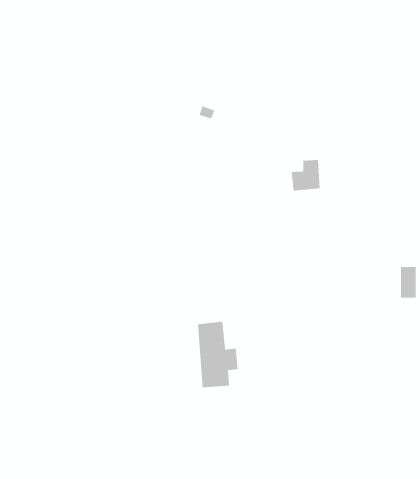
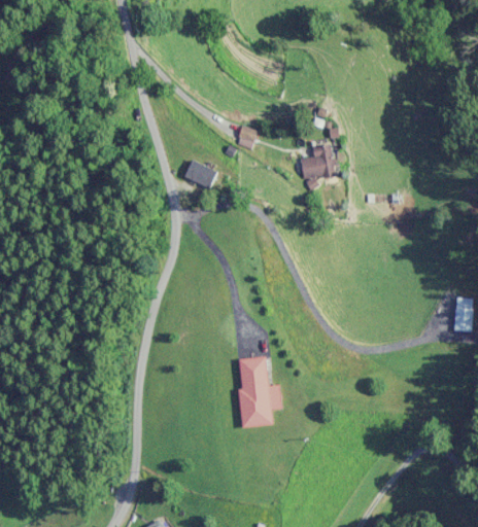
building: none -> [185,160,217,188]
building: [291,159,321,191] -> [301,145,333,179]

